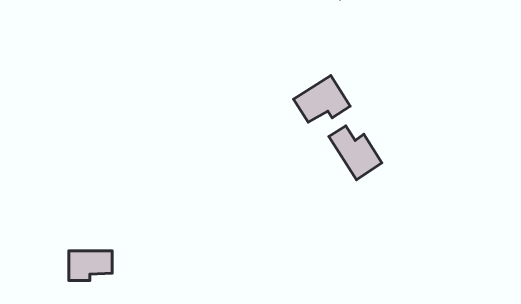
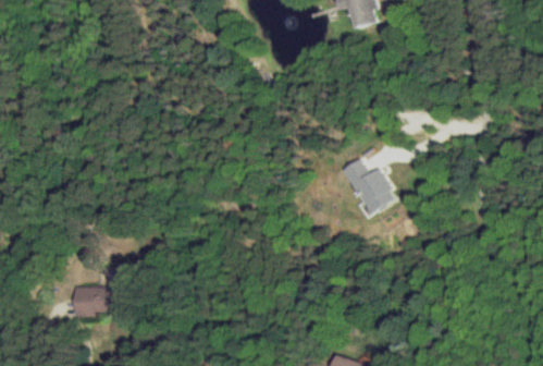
building: [293,75,350,122] -> none

